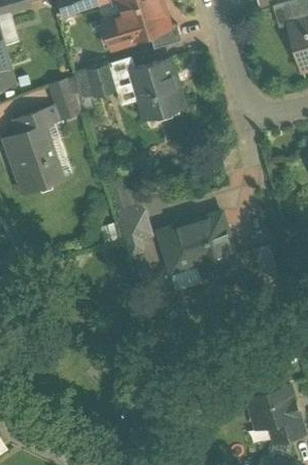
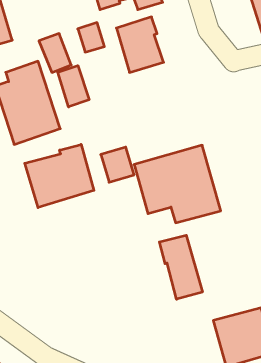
building: none -> [58,66,89,107]
building: none -> [25,144,94,208]
building: none -> [159,235,202,299]

